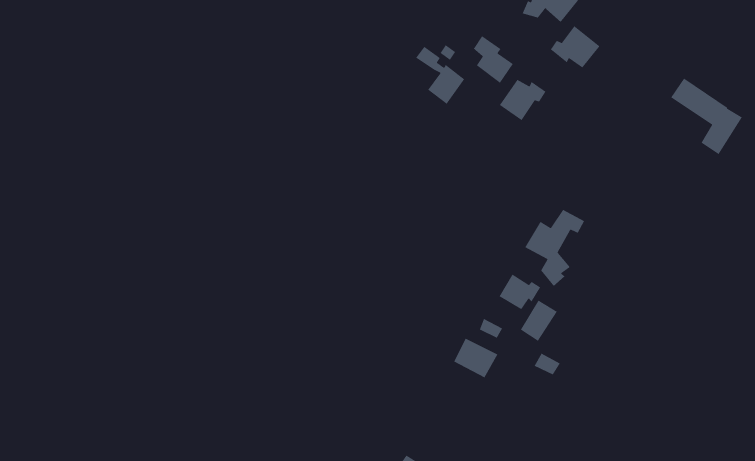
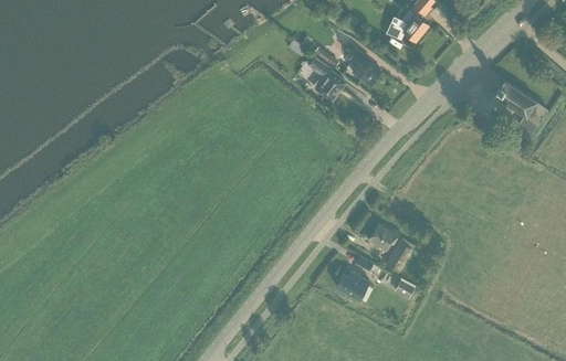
building: [550,25,600,68] -> none
building: [499,79,547,121] -> none
building: [524,209,585,287] -> none

